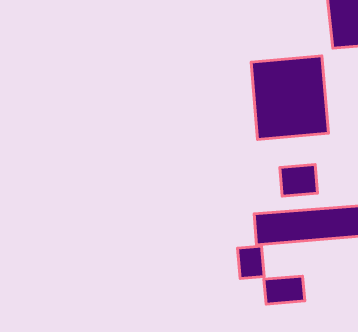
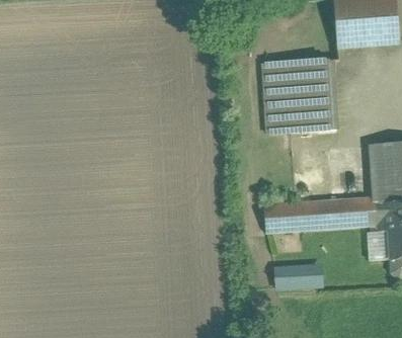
building: [280,165,317,196] -> none
building: [237,246,264,278] -> none

